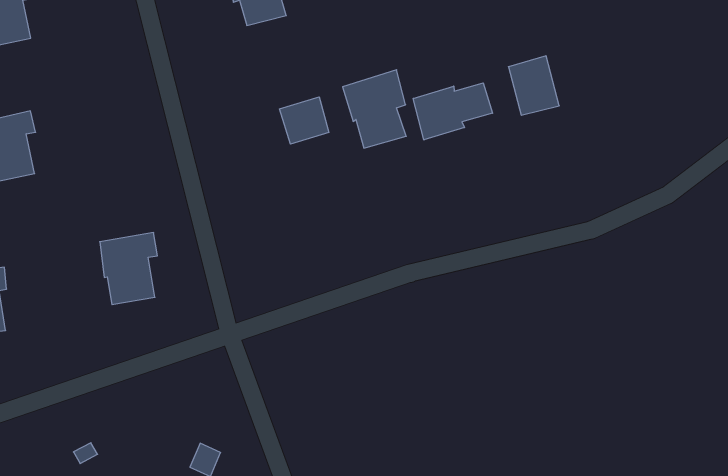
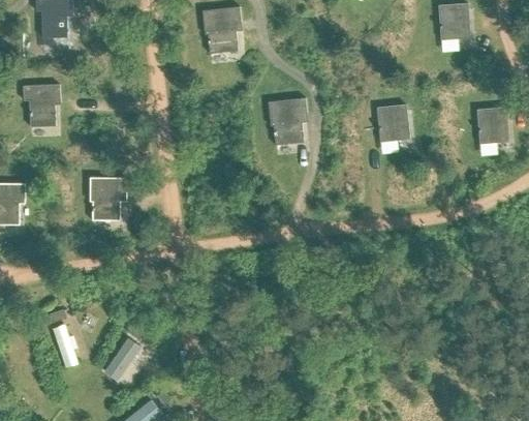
building: none -> [477,109,505,144]
building: [413,83,493,140] -> none
building: [280,97,329,144] -> none

